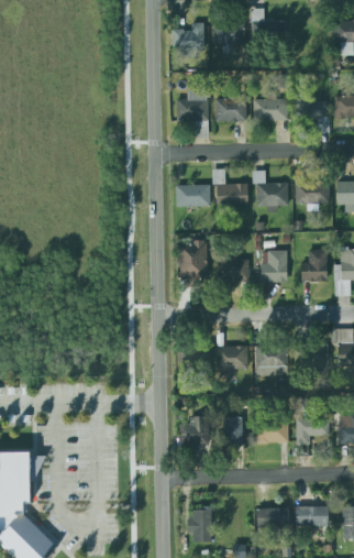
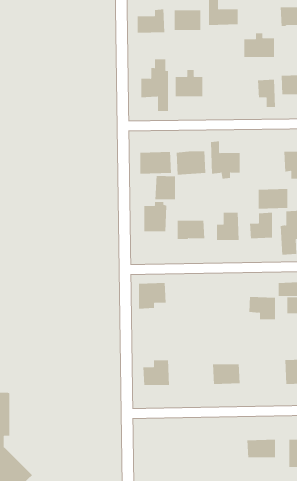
building: [253,92,288,120] -> [244,33,275,57]
building: [295,180,329,204] -> [258,189,288,209]
building: none -> [155,175,176,200]
building: [255,343,288,375] -> none
building: [215,344,247,374] -> [138,283,167,309]
building: [222,415,243,444] -> none
building: [296,417,329,445] -> none
building: [190,507,211,541] -> none
building: [256,507,289,527] -> none

